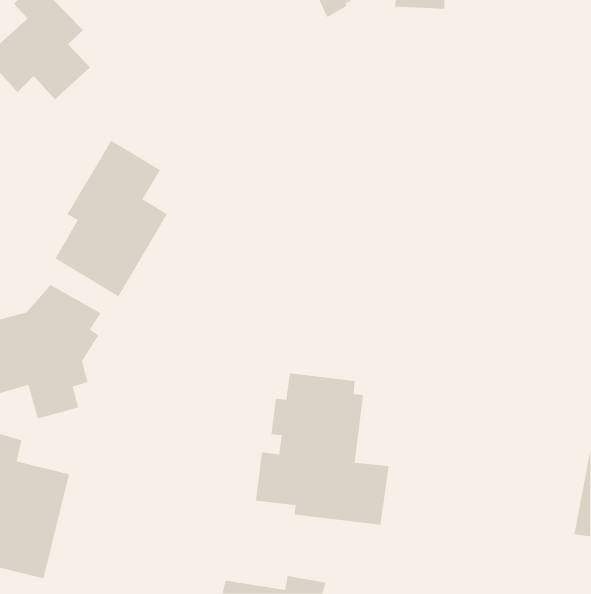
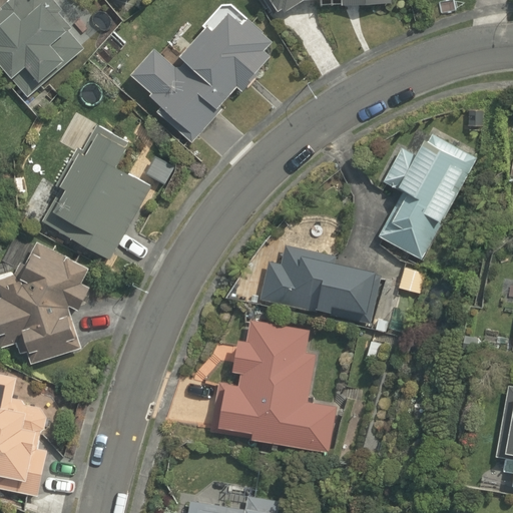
building: none -> [130,10,269,136]
building: none -> [380,129,476,259]
building: none -> [262,245,379,313]

